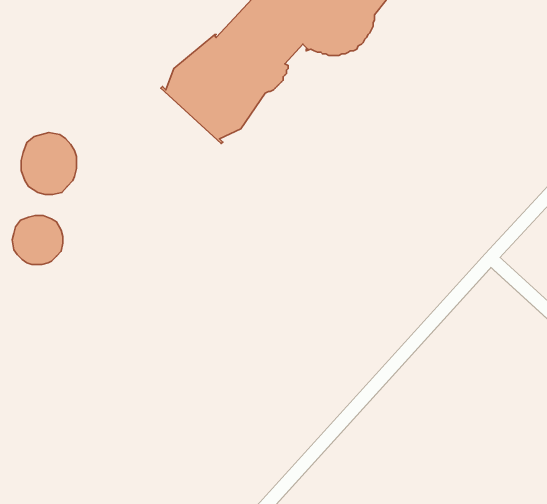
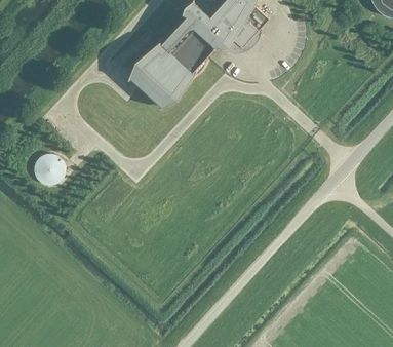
building: [21,133,76,194] -> none

